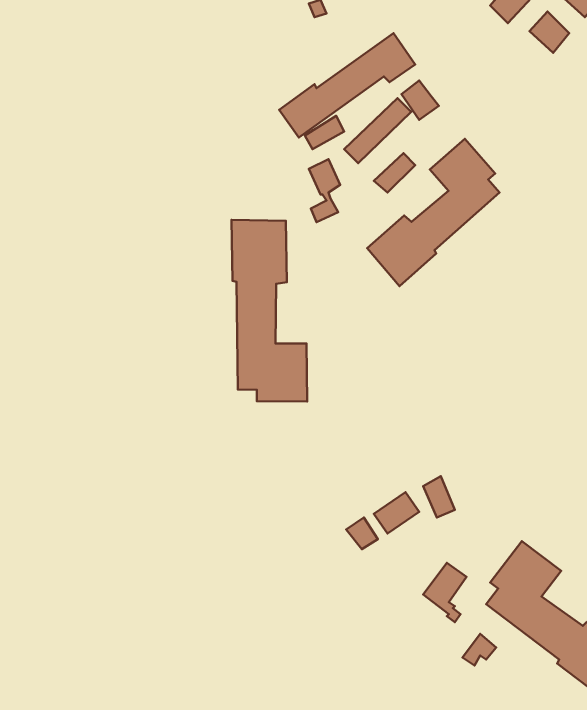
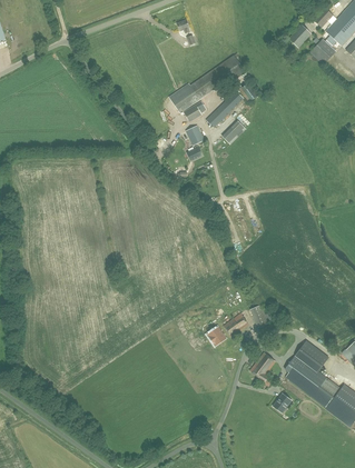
building: [367,139,500,286] -> none
building: [232,220,307,401] -> none

